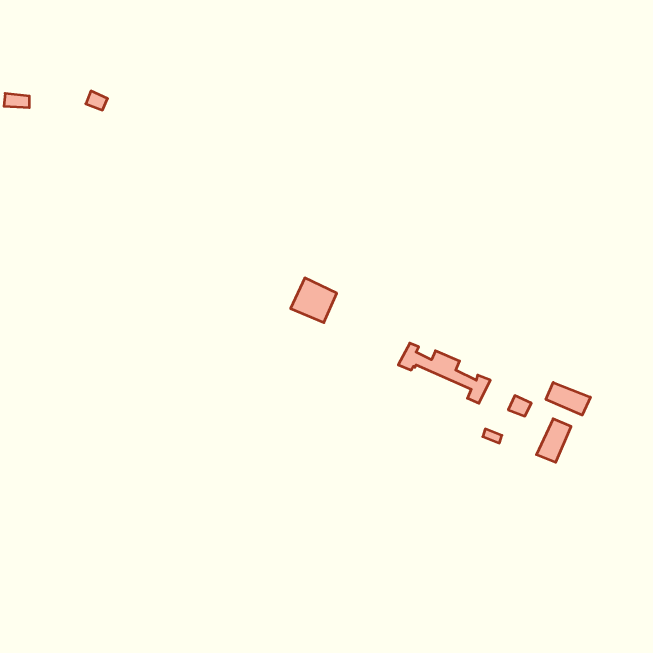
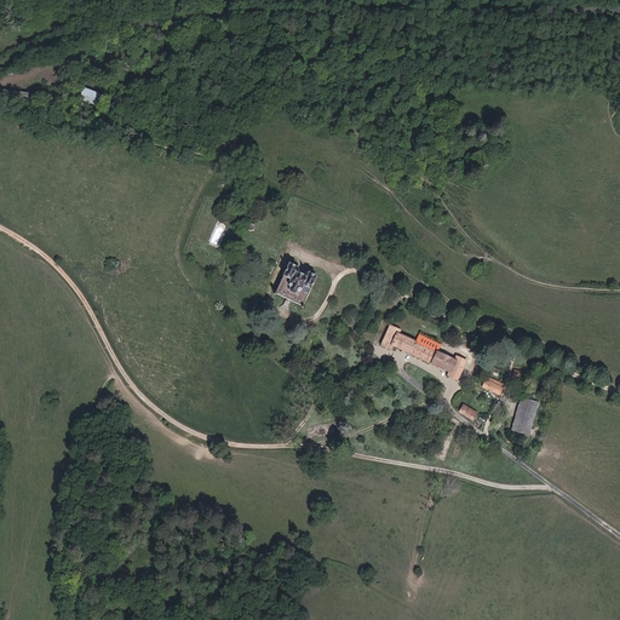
building: [546,382,590,415] -> none

